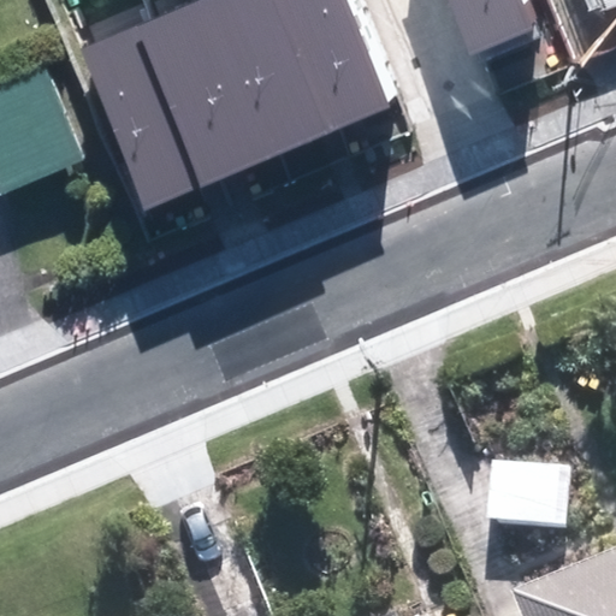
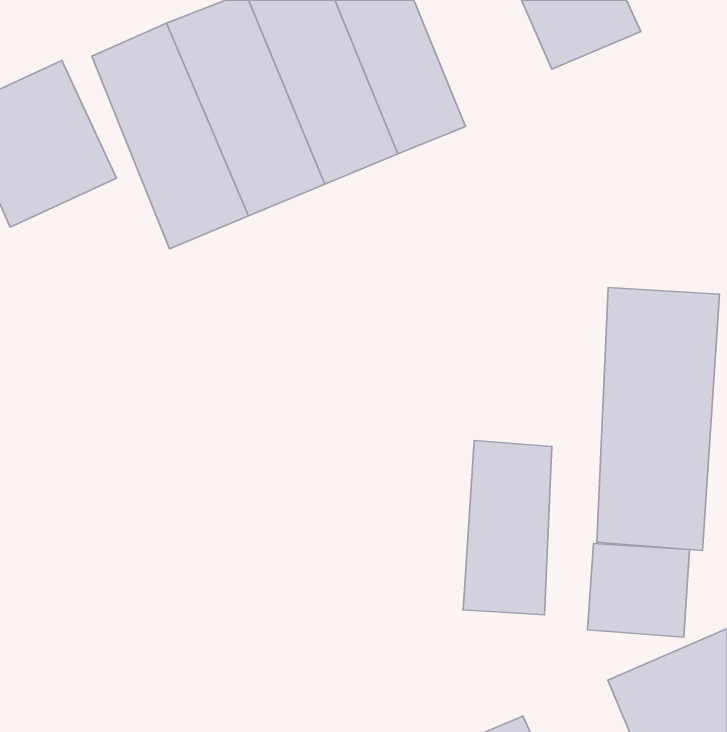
building: none -> [597,287,719,550]
building: none -> [463,440,552,615]

